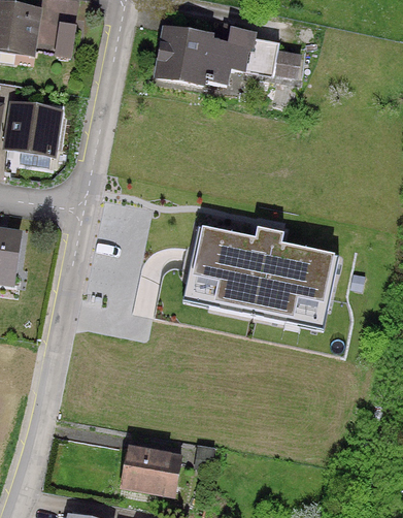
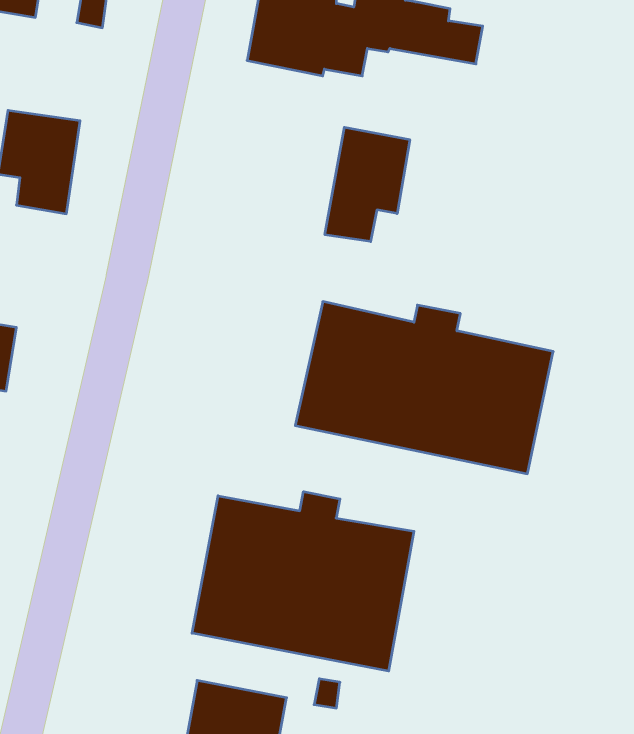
building: none -> [325,127,410,242]
building: none -> [192,492,414,671]

